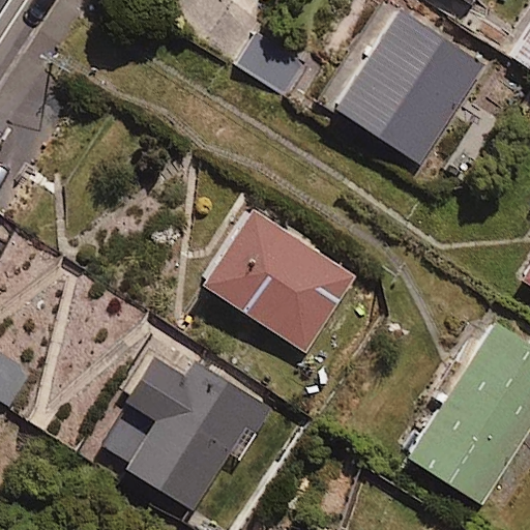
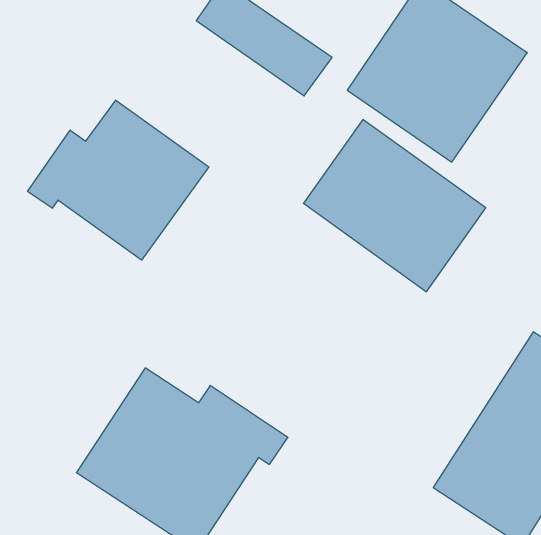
building: none -> [28,100,209,260]
building: [197,202,359,355] -> [303,120,486,292]

